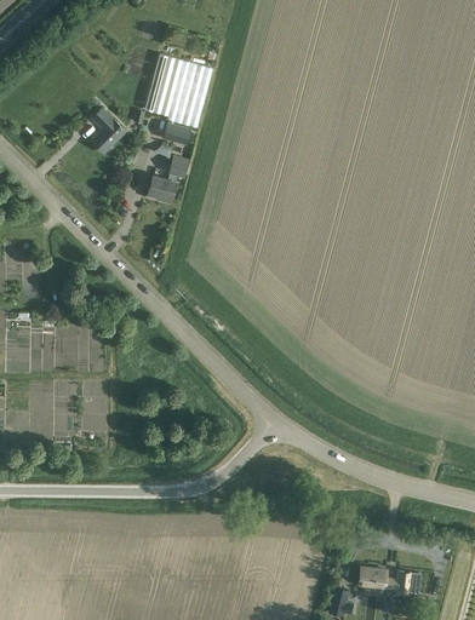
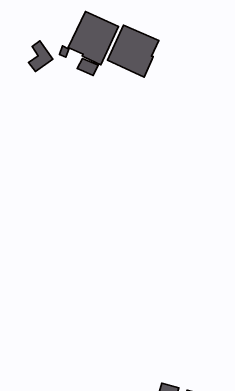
building: none -> [107,25,159,77]
building: [148,156,189,203] -> none

